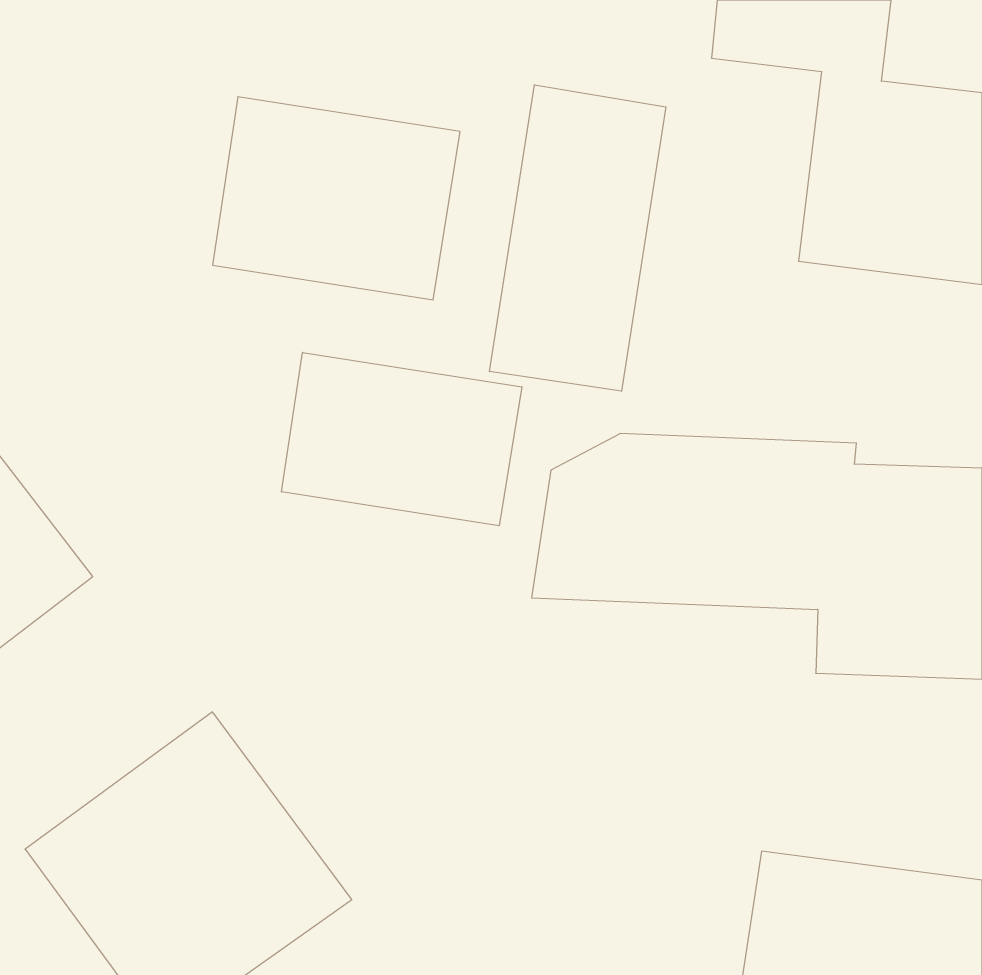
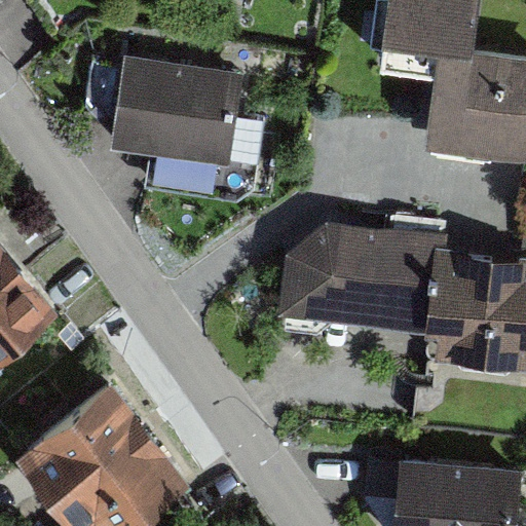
building: [490,85,666,391] -> none
building: [281,352,522,526] -> none

